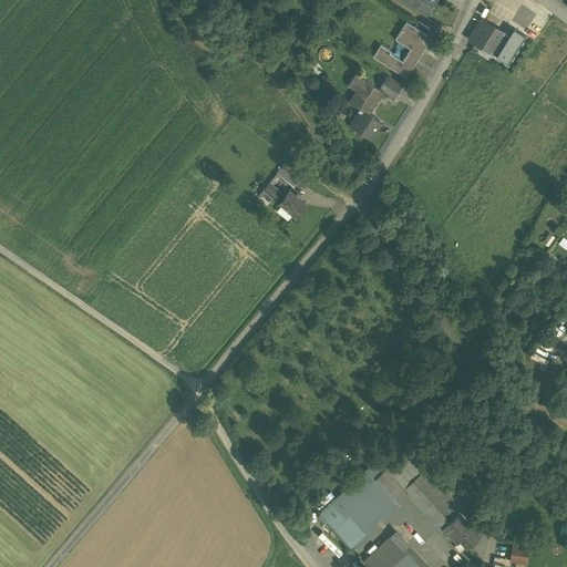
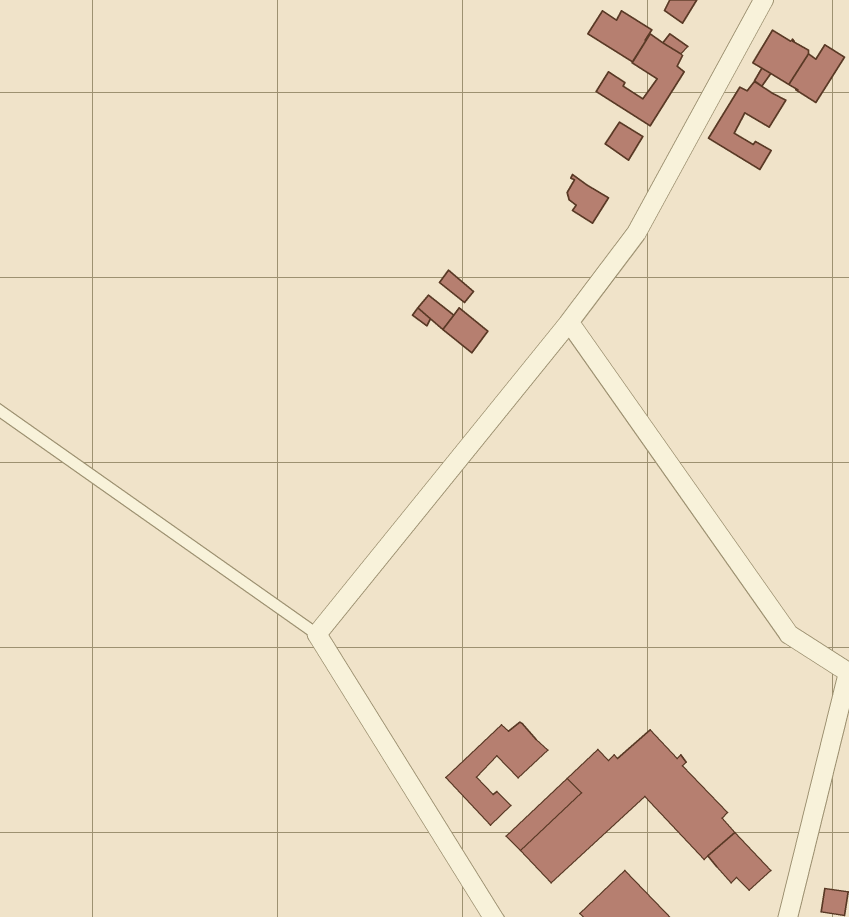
building: none -> [588,11,652,62]
building: none -> [709,82,786,169]
building: [349,74,382,115] -> none
building: none -> [446,722,548,825]

